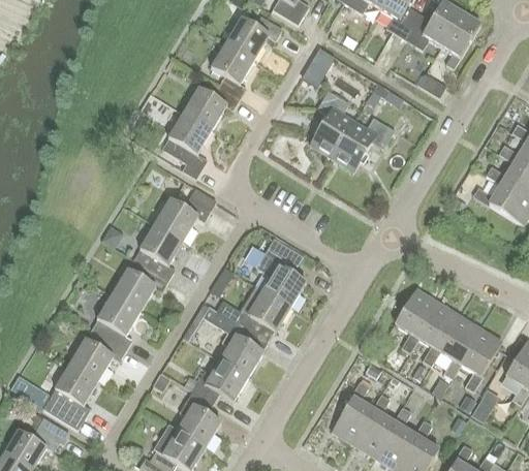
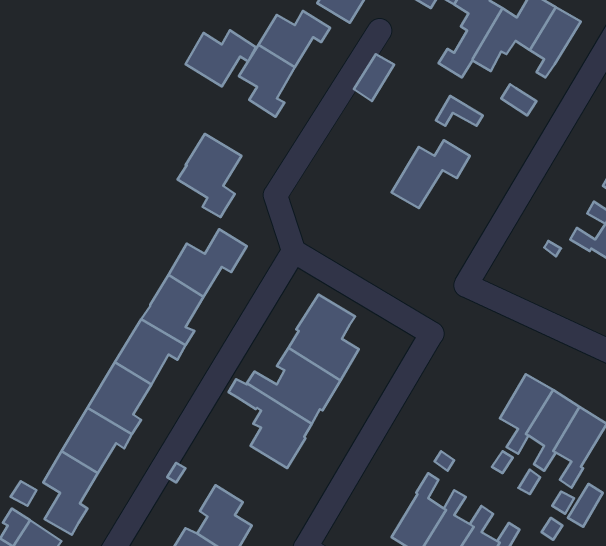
building: [183,86,239,130] -> [185,30,256,86]
building: [309,91,352,159] -> none
building: [395,289,437,353] -> none
building: [183,359,248,404] -> none

